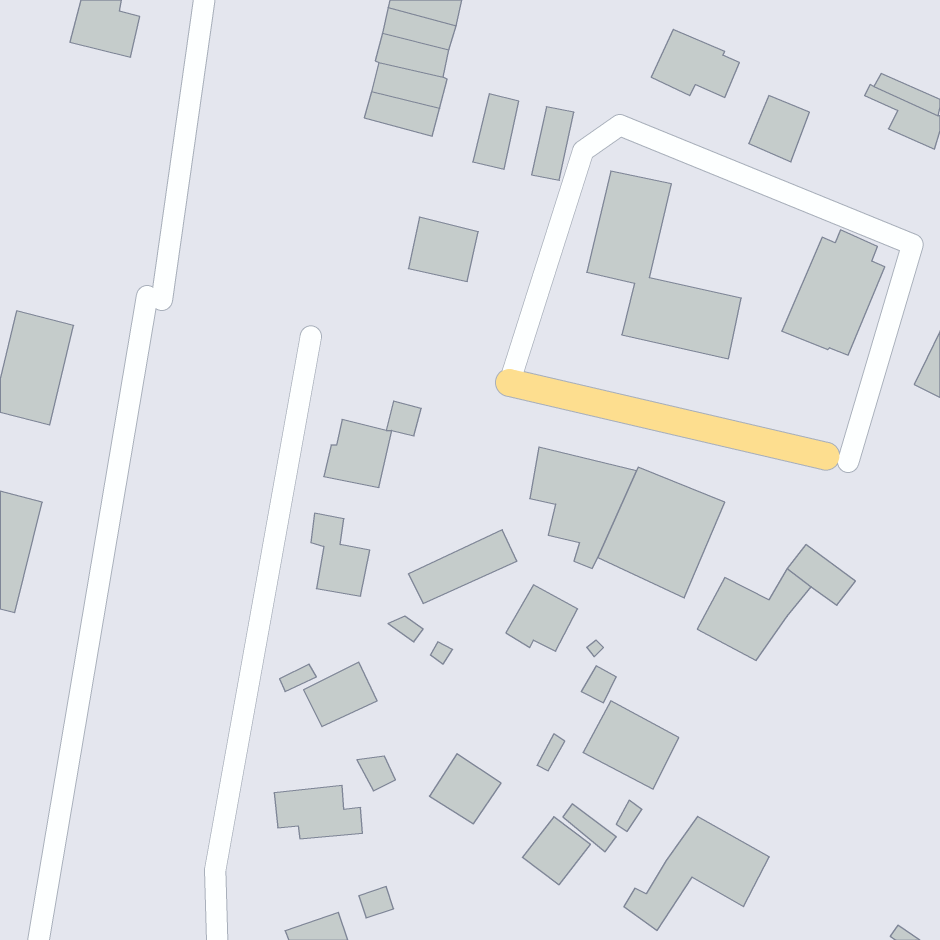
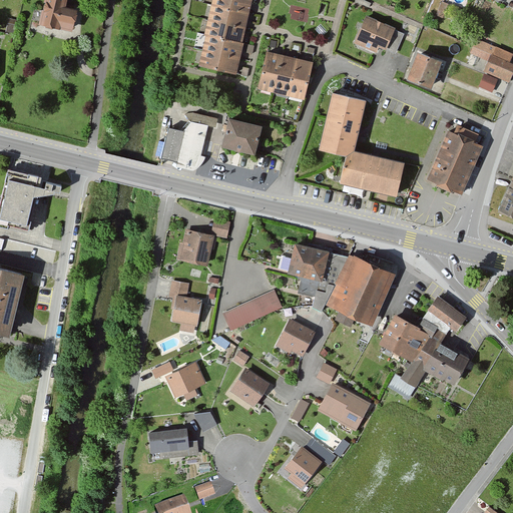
building: none -> [275,55,298,95]
building: none -> [161,113,217,170]
building: [429,754,501,824] -> [230,367,270,405]
building: [624,816,769,930] -> [389,336,468,398]

